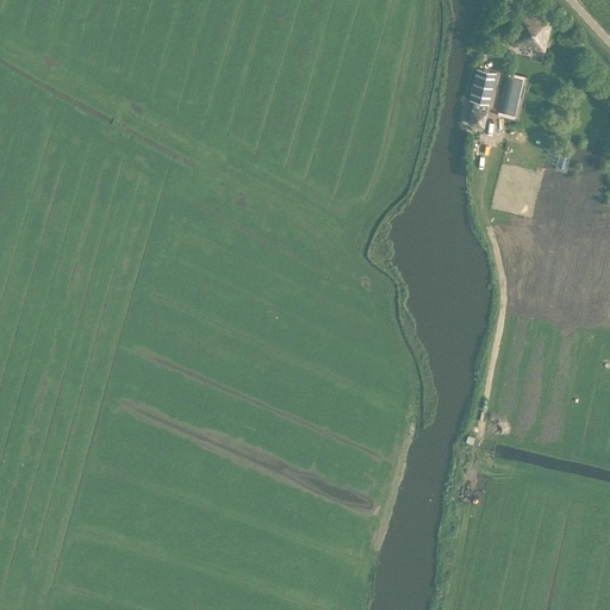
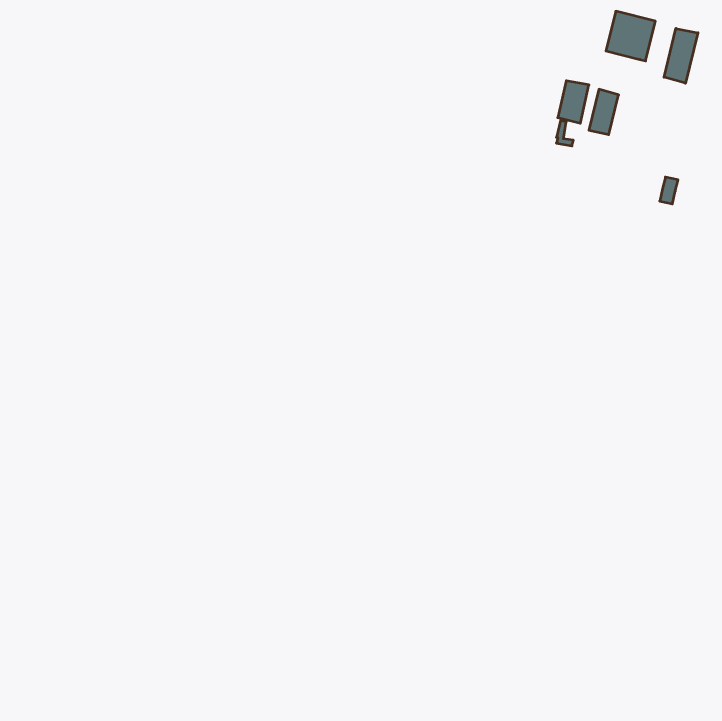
building: none -> [664,28,698,83]

